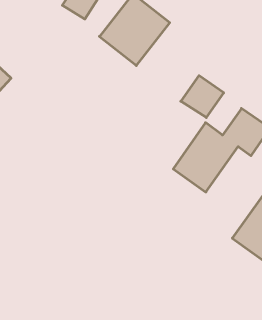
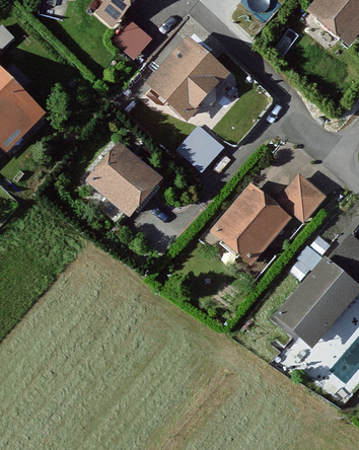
building: [181,76,224,118] -> [176,126,224,172]
building: none -> [77,139,160,220]

